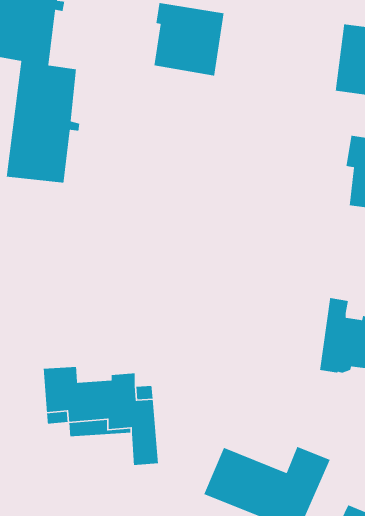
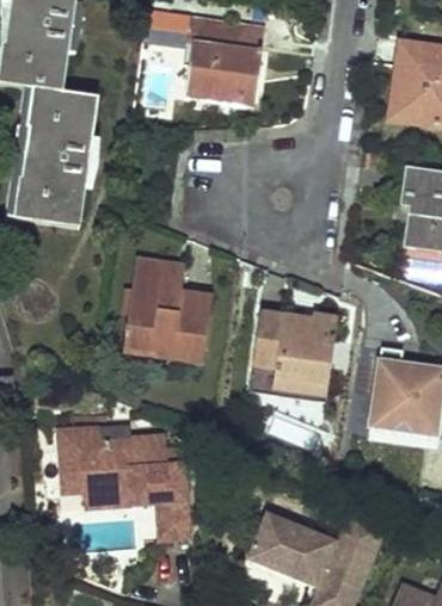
building: none -> [123,265,214,358]
building: none -> [250,311,333,394]

